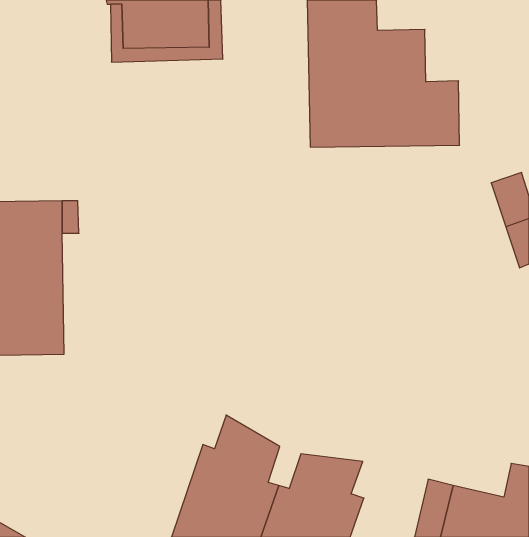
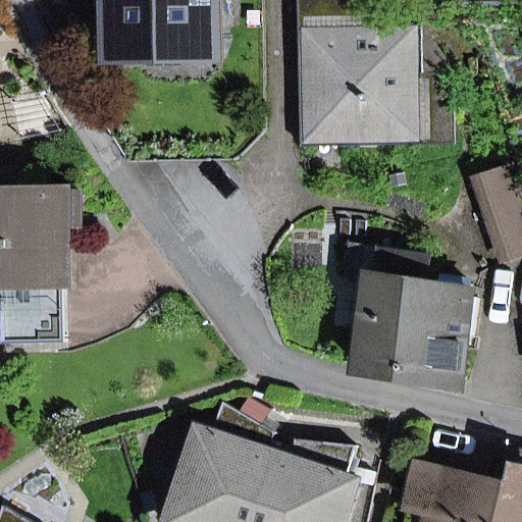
building: none -> [343,248,467,385]

